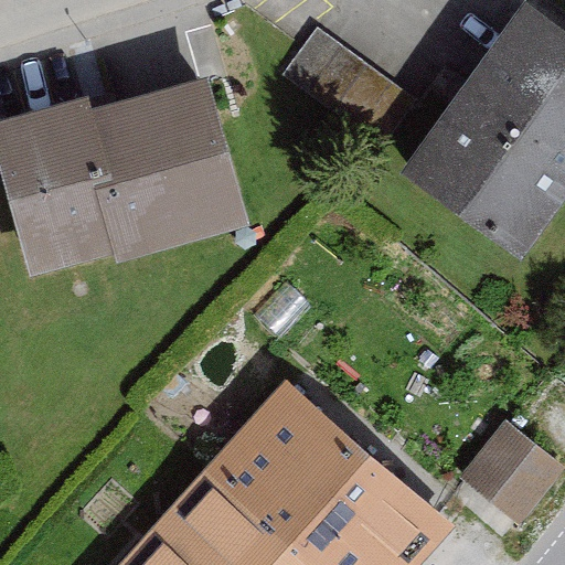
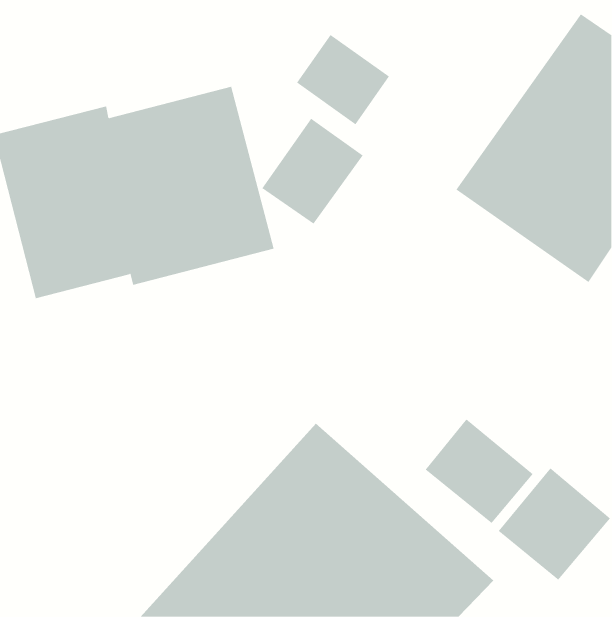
building: none -> [262,118,364,225]
building: none -> [425,418,533,524]

